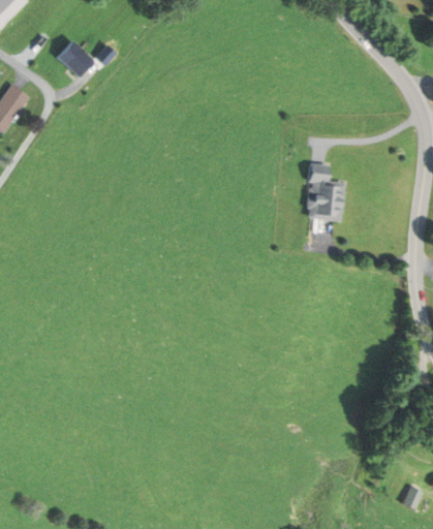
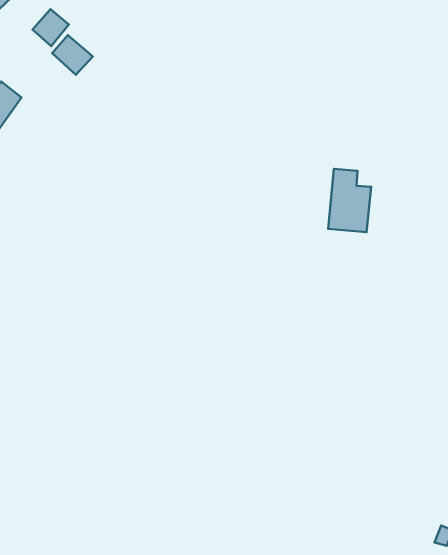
building: none -> [33,9,69,46]

